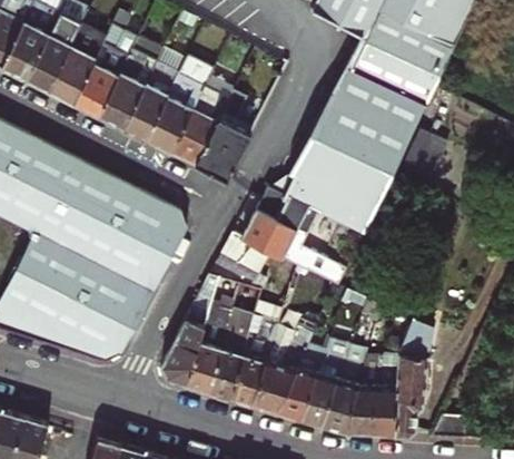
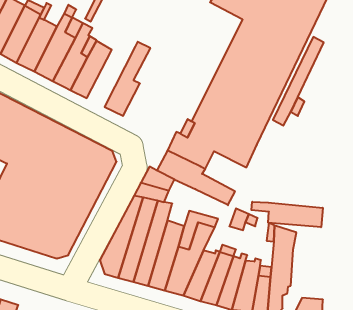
building: [144,56,210,152] -> none
building: [194,90,249,179] -> none
building: none -> [251,202,323,227]

